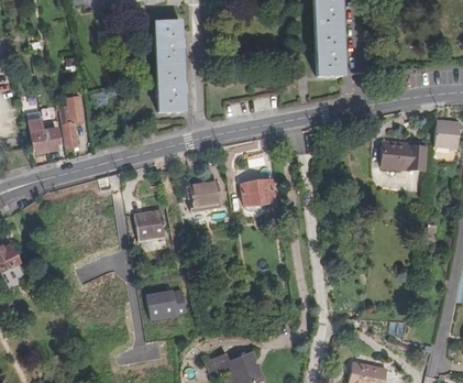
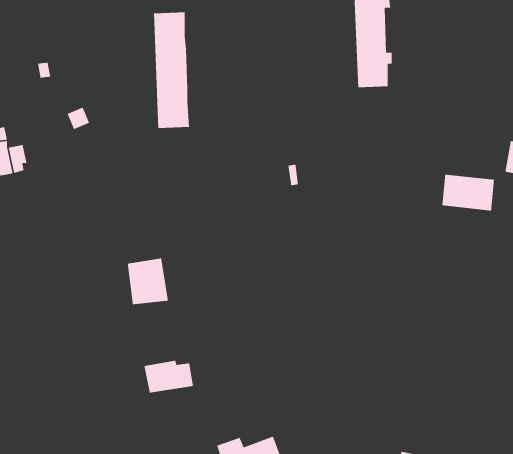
building: [59,90,86,147] -> none
building: [188,180,222,212] -> none
building: [243,180,279,210] -> none

